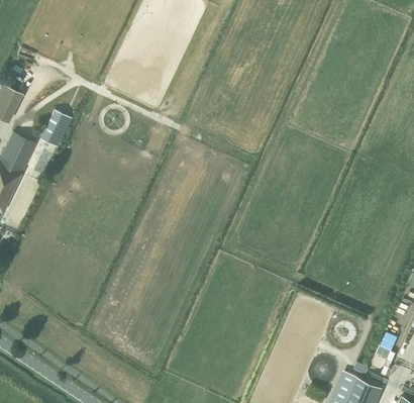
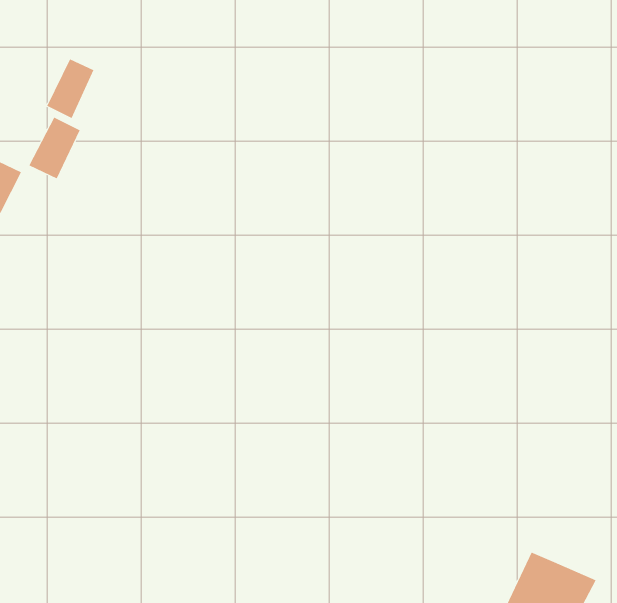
building: none -> [47,58,94,119]

